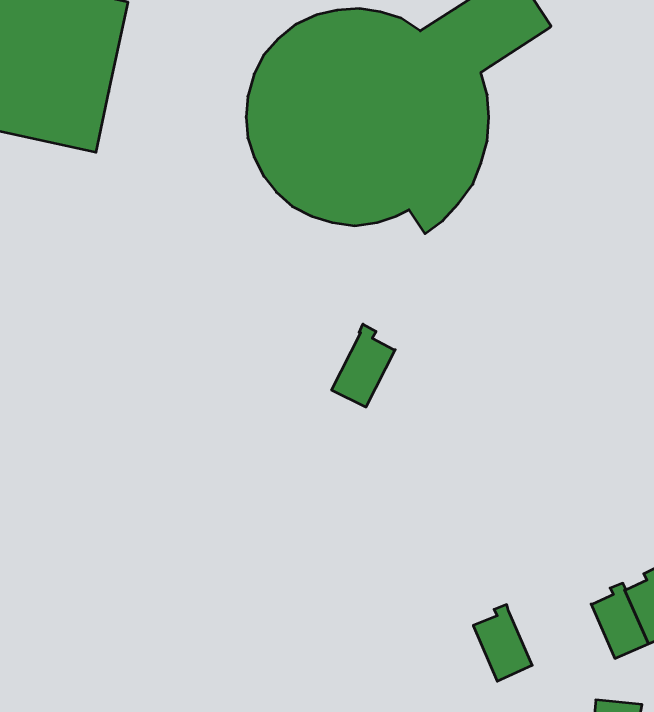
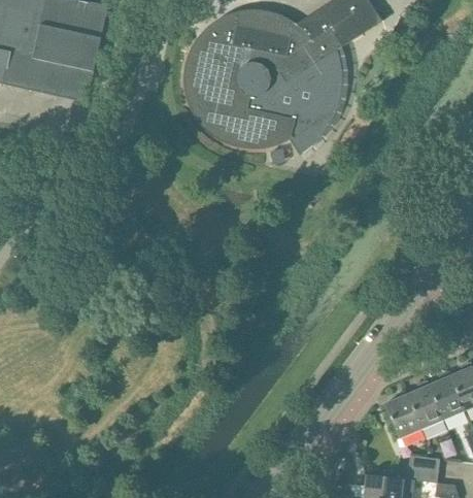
building: [332,324,395,407] -> none
building: [473,605,532,681] -> [384,390,423,439]

